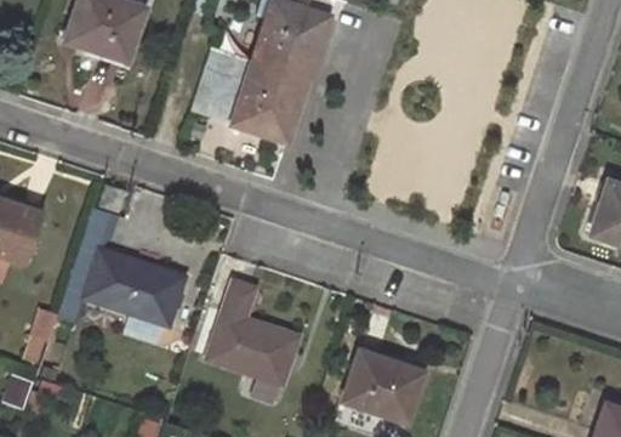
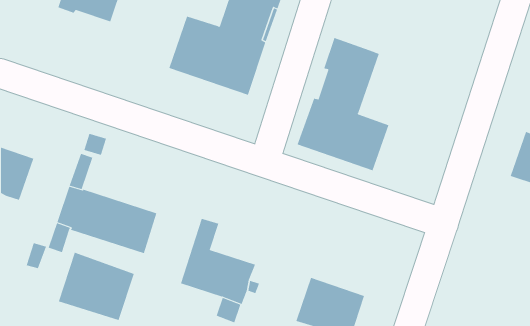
building: none -> [297,37,389,171]
building: none -> [58,252,135,321]

